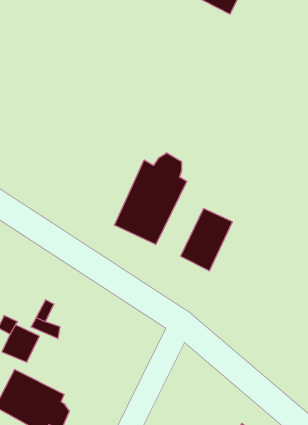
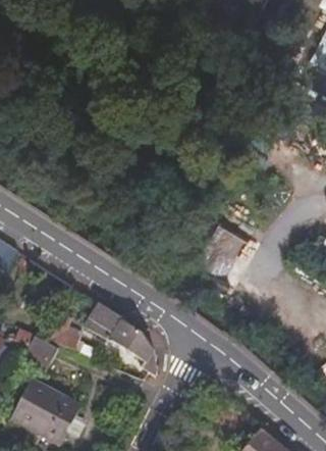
building: [114,153,187,245] -> none
building: none -> [88,301,160,371]

